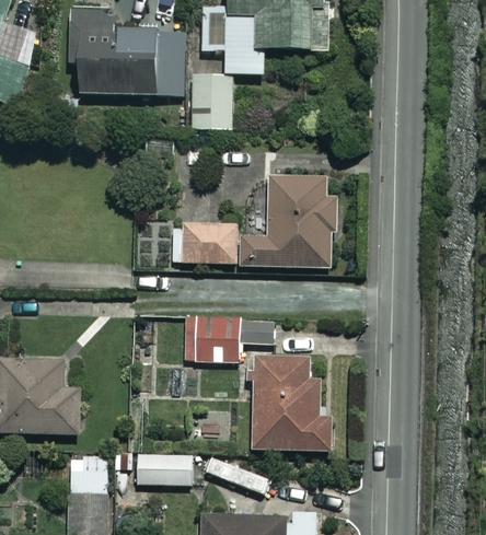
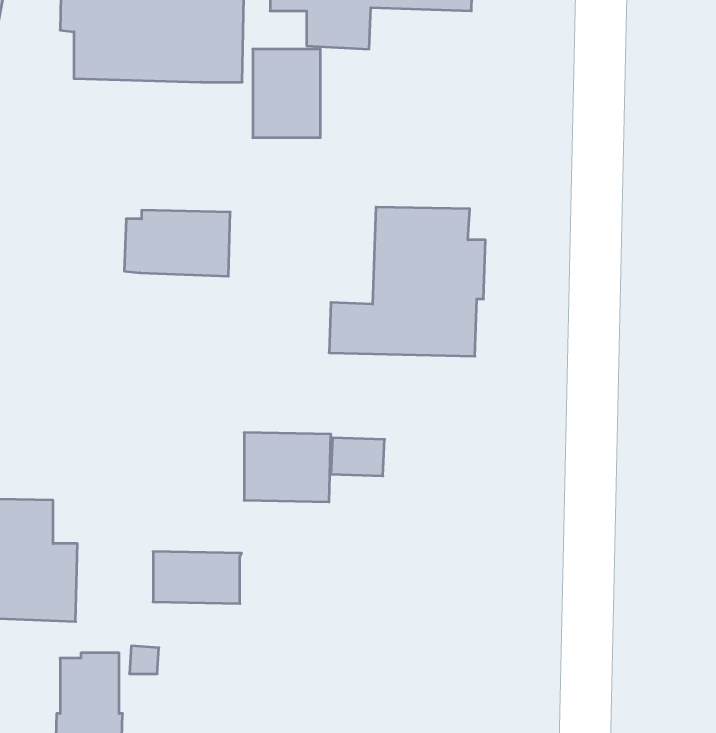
building: [171,222,238,264] -> [124,210,230,276]
building: [246,356,332,451] -> none
building: [137,453,193,486] -> [153,552,242,604]

